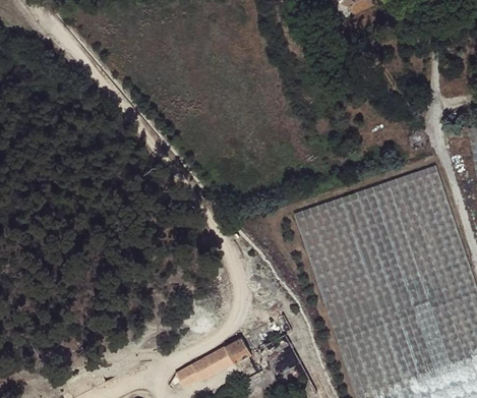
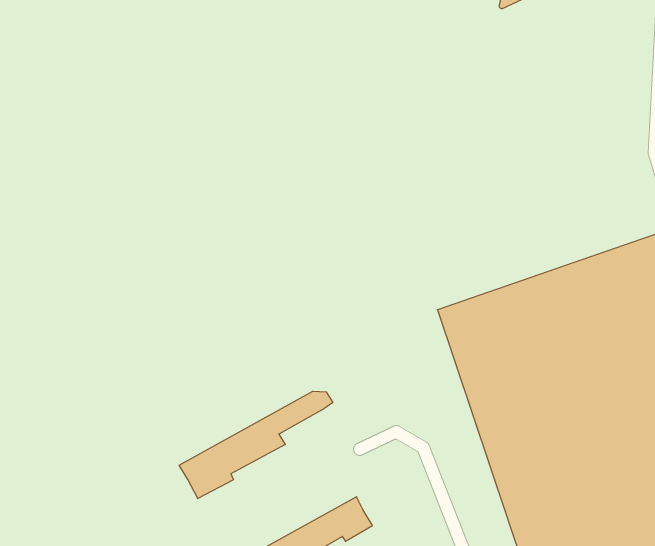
building: none -> [179,391,333,499]

